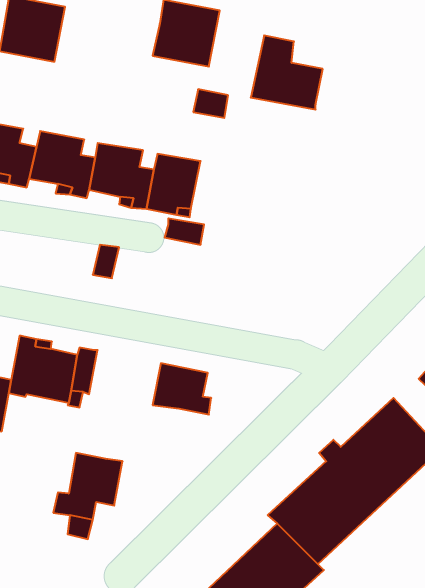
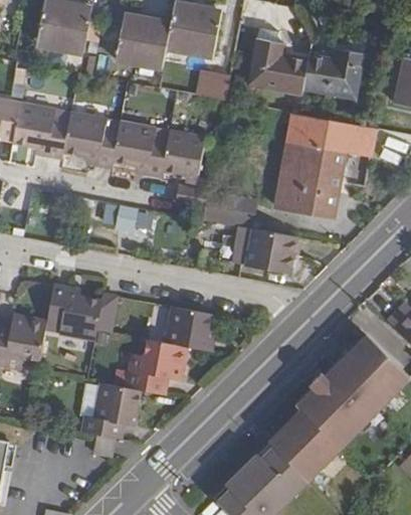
building: none -> [115,13,171,68]
building: none -> [301,50,362,98]
building: none -> [275,113,375,216]
building: none -> [236,225,296,273]
building: none -> [126,338,187,393]

